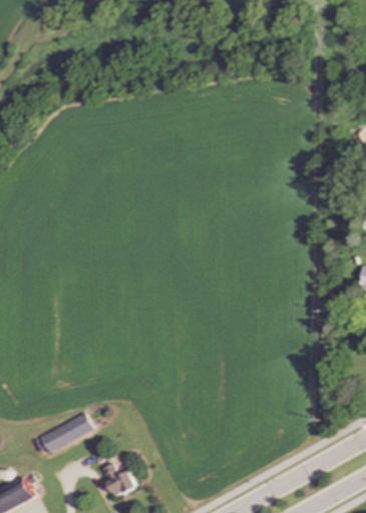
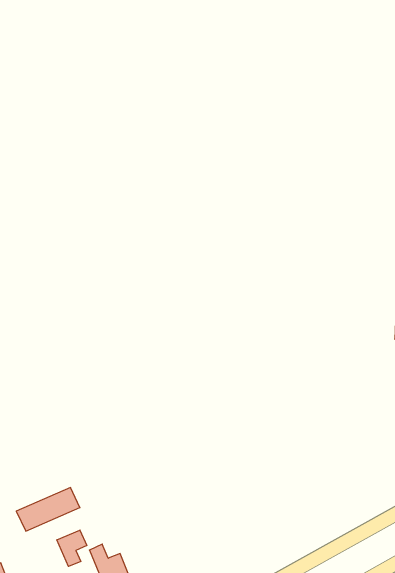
building: none -> [57,530,87,566]

